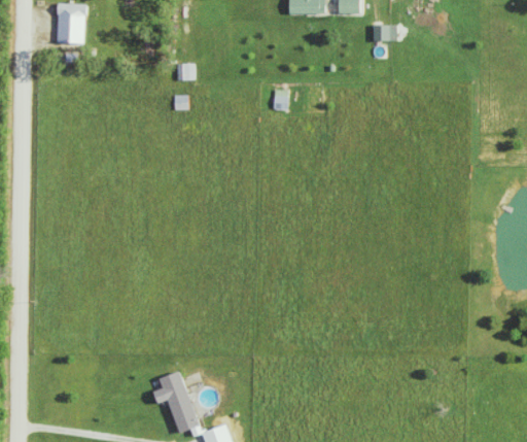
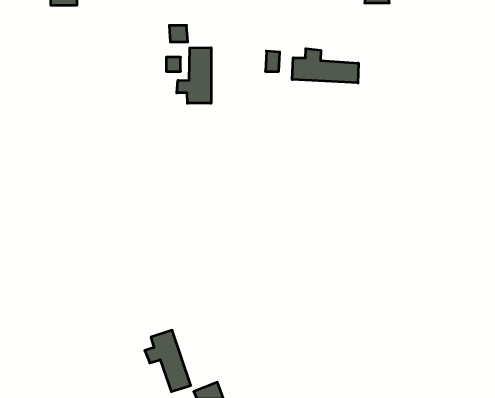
building: none -> [177,48,211,103]
building: none -> [292,49,358,83]

